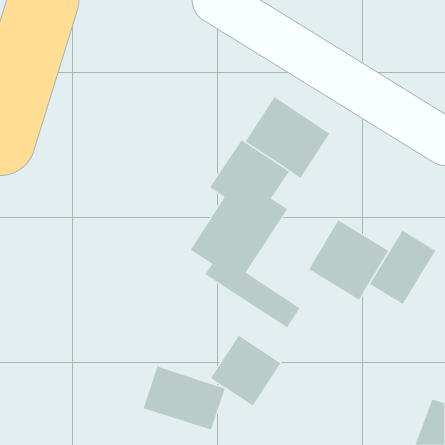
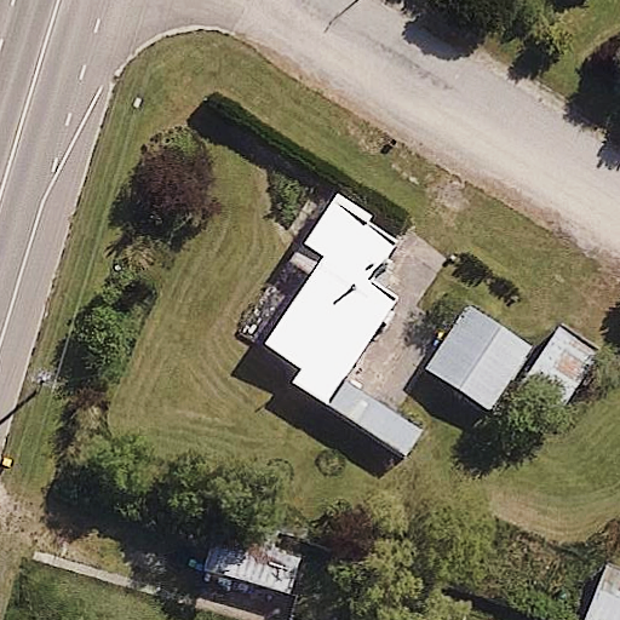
building: [245,96,330,179] -> none
building: [210,335,281,407] -> none

